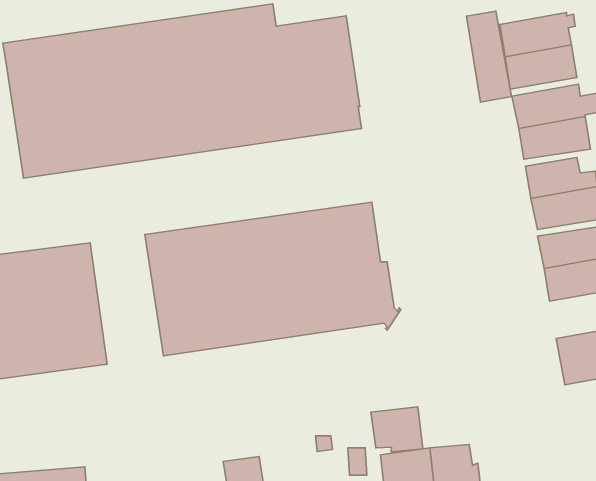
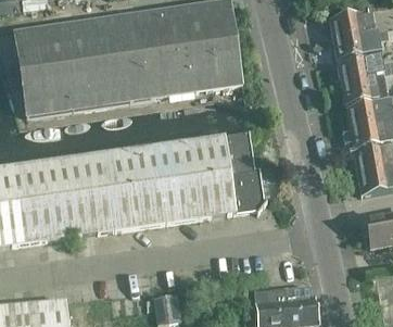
building: [466,11,511,102] -> none
building: none -> [68,152,115,235]
building: [371,407,423,452] -> none

